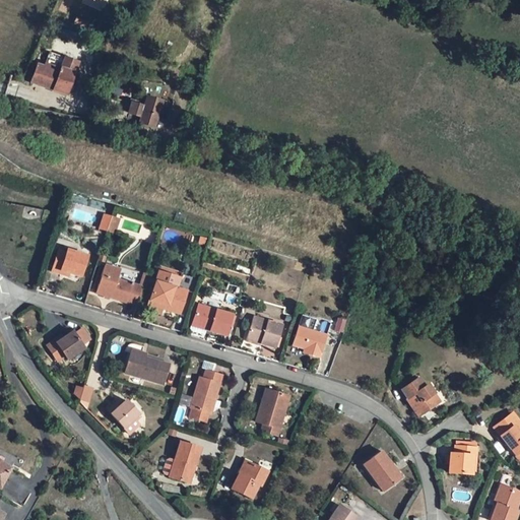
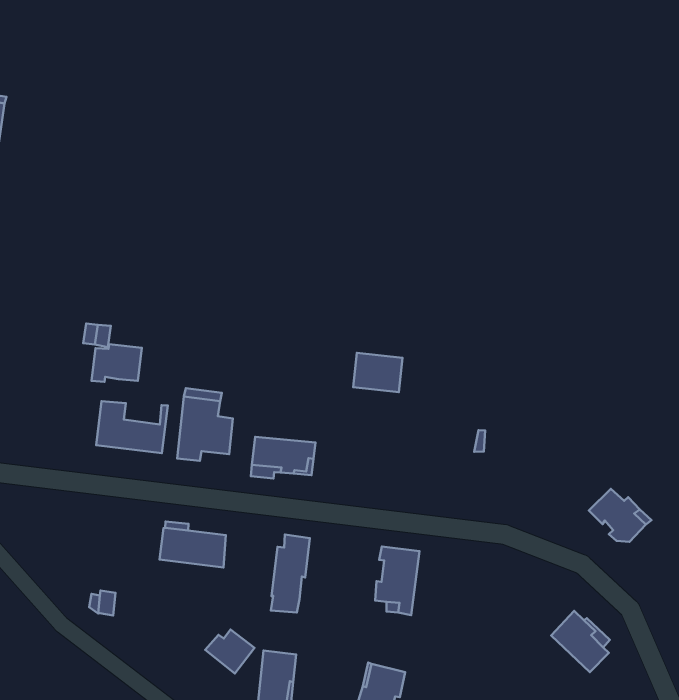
building: [128,96,162,125] -> none
building: [52,249,87,275] -> [91,344,142,382]
building: [247,317,281,346] -> [353,353,403,392]
building: [292,327,326,358] -> none
building: [48,328,90,361] -> none
building: [108,399,139,428] -> [205,629,254,674]

